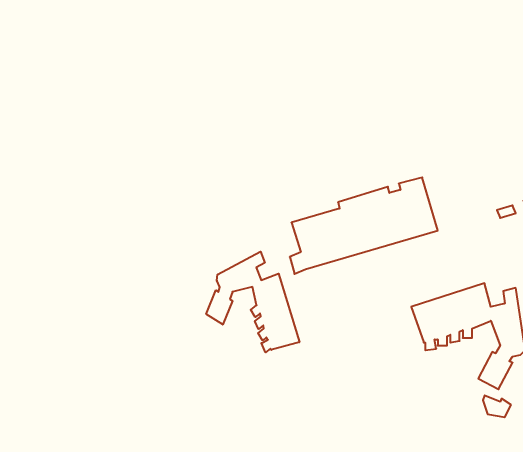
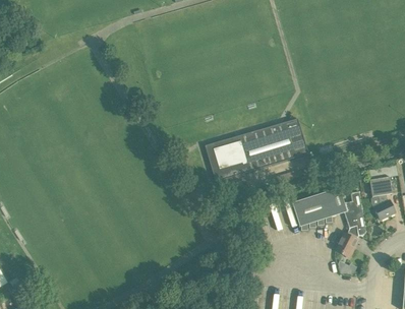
building: [206,252,299,352] -> none

